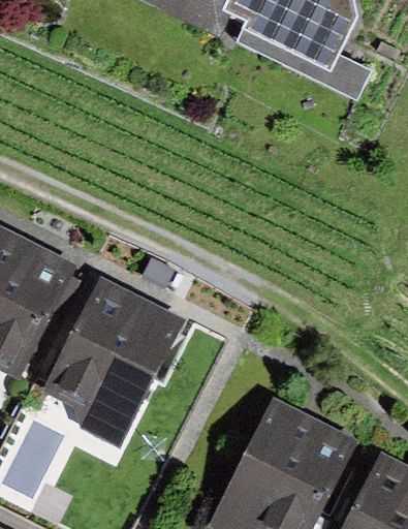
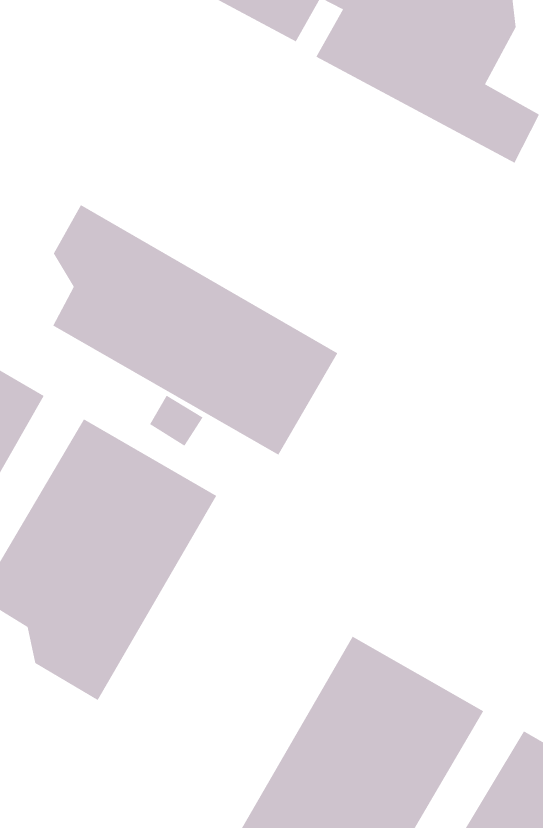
building: none -> [53,204,338,455]

